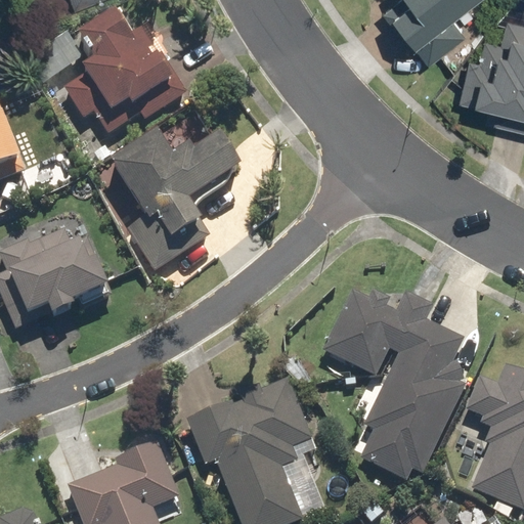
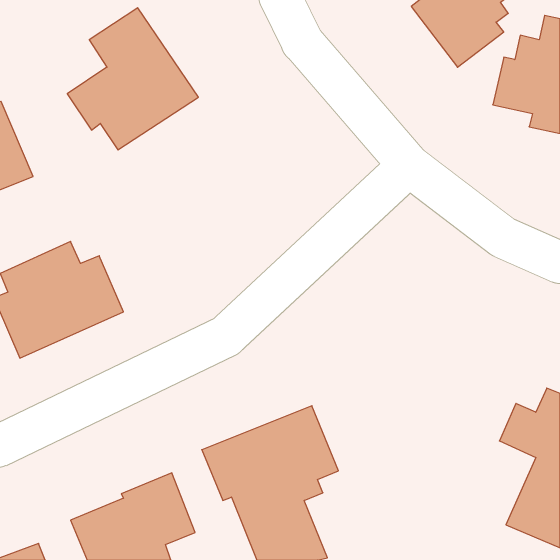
building: [115,132,251,272] -> none
building: [322,289,468,481] -> none

